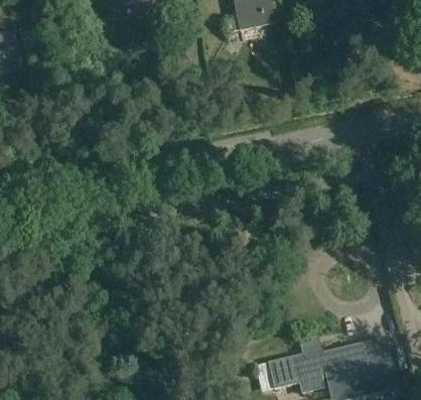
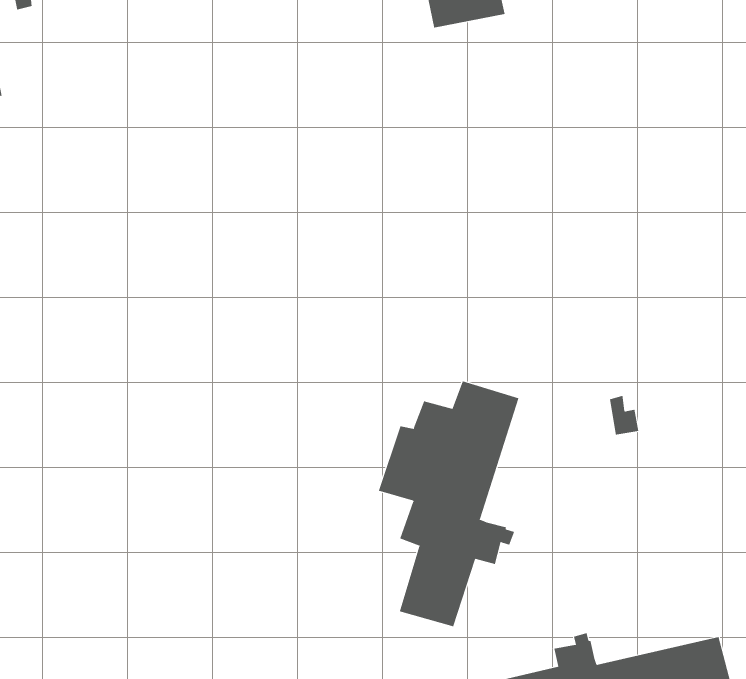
building: none -> [378,380,519,627]

